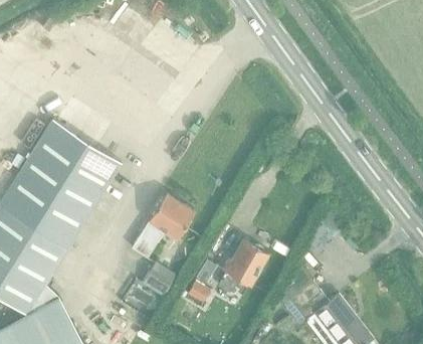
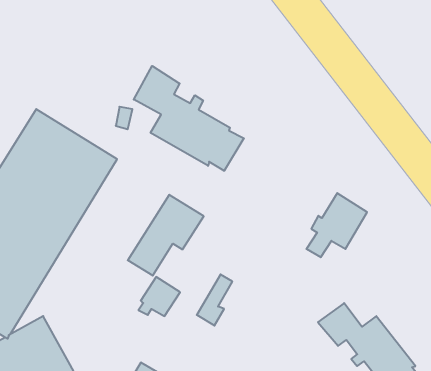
building: none -> [134,66,244,171]
building: [216,238,267,293] -> [306,193,367,257]

